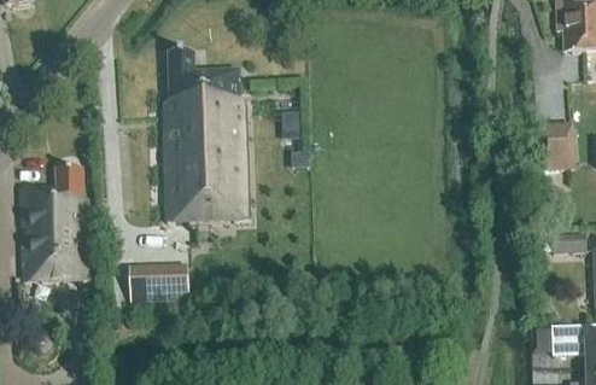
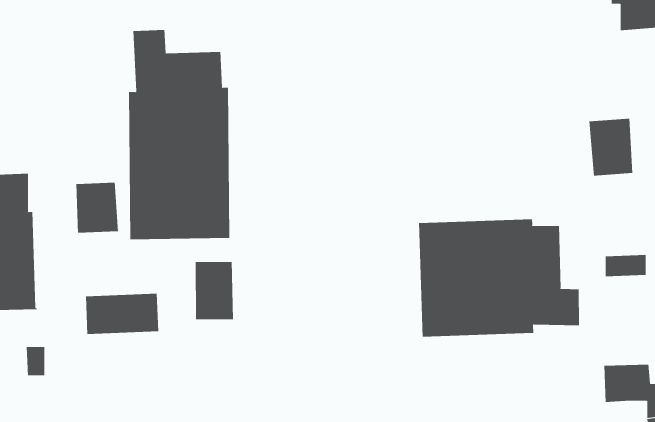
building: none -> [76,182,118,234]
building: none -> [419,219,579,338]
building: none -> [195,261,234,320]

